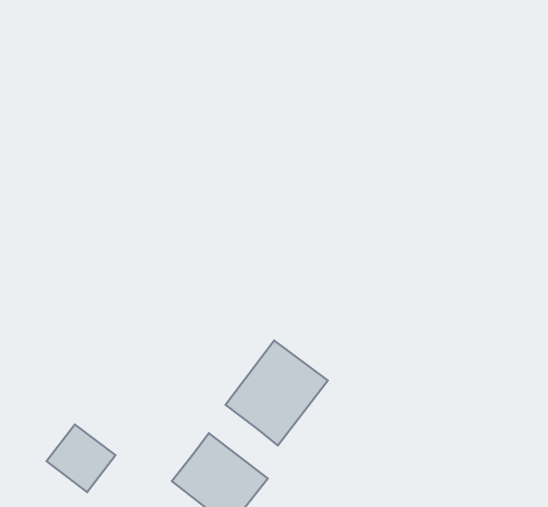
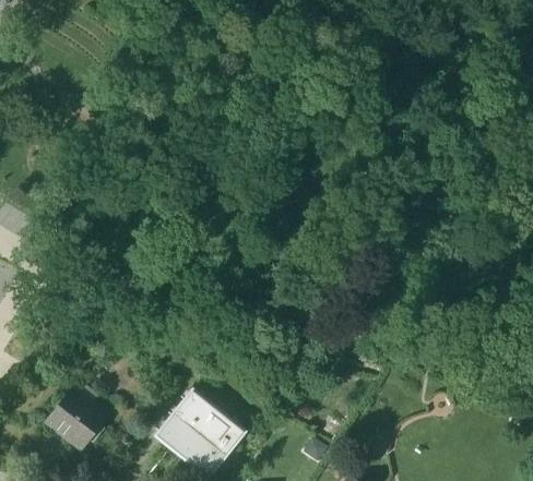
building: [226,341,328,445] -> none

